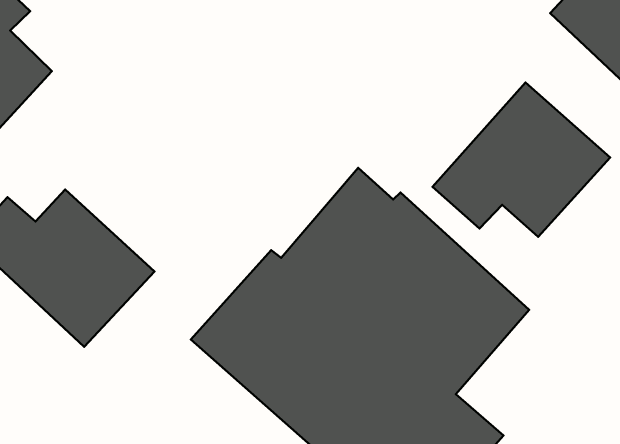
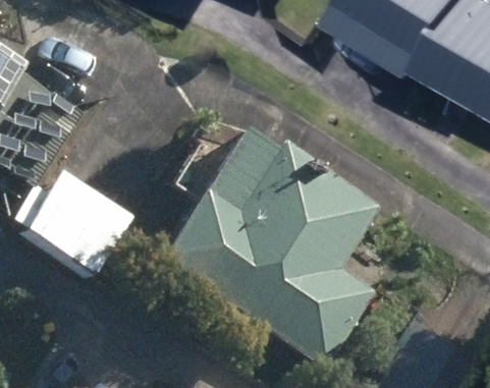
building: [433,82,610,237] -> none

